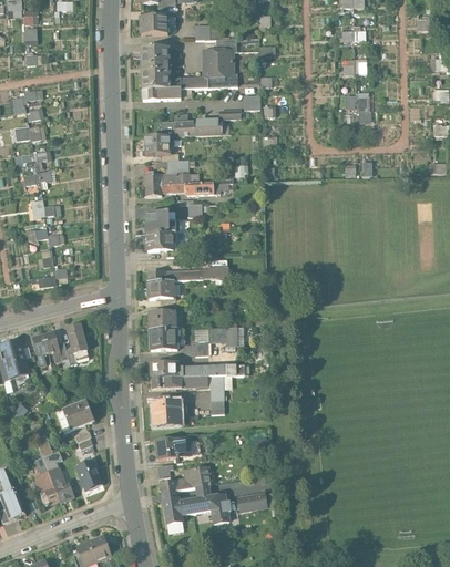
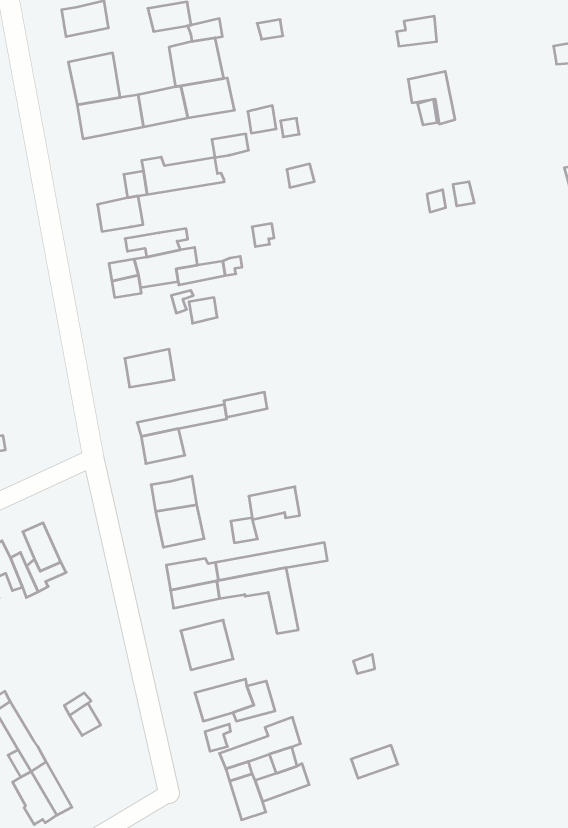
building: [146,215,180,233] -> none
building: [63,400,95,429] -> none
building: [76,461,103,491] -> none
building: [213,492,233,522] -> none

